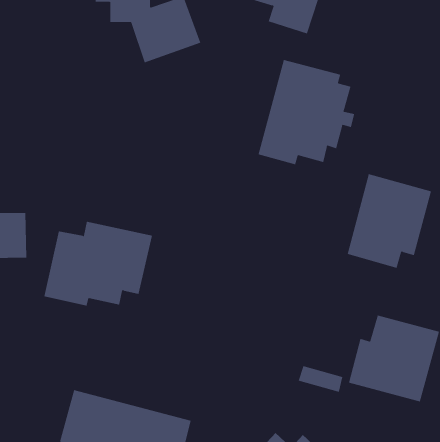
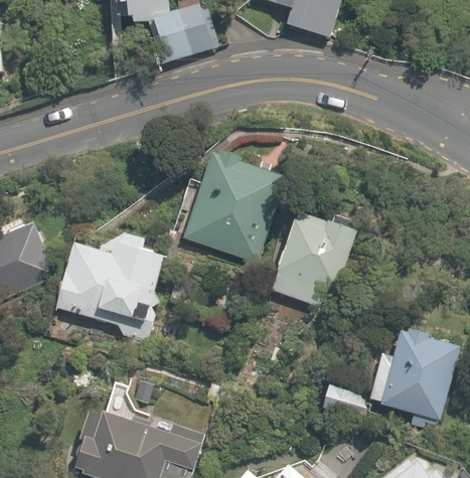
building: [258,59,355,165] -> none
building: none -> [180,152,287,263]
building: [347,174,432,269] -> [271,208,359,307]

